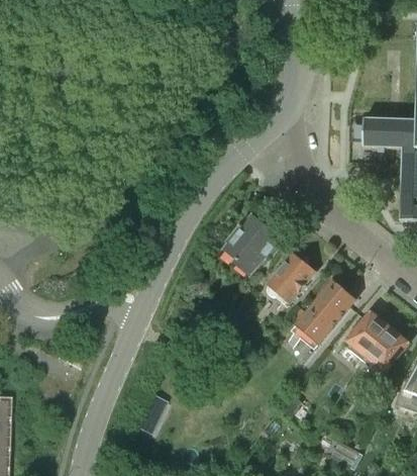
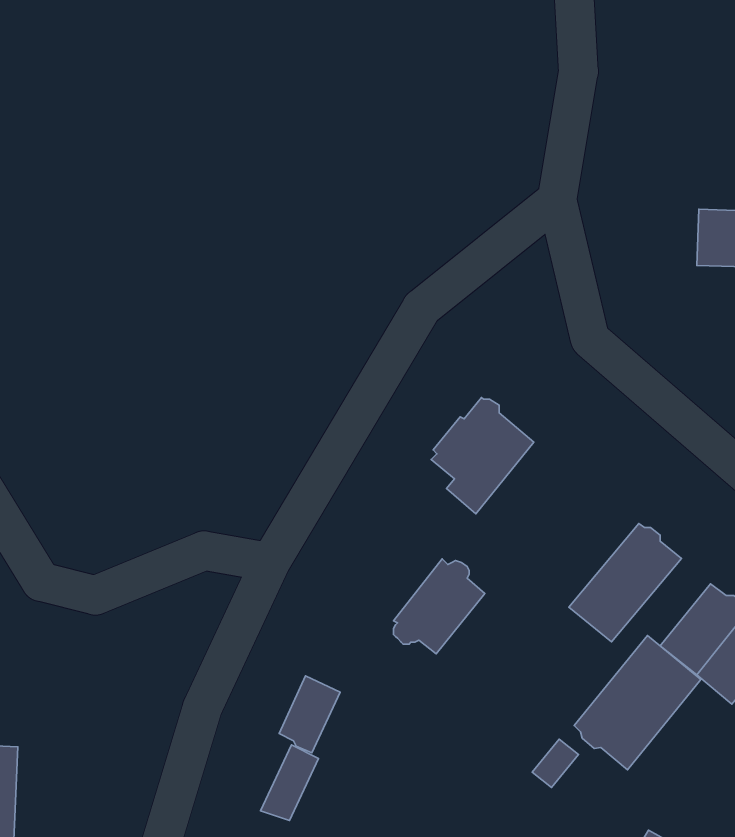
building: [269,253,316,302] -> [394,559,485,654]
building: none -> [574,635,701,770]
building: none -> [279,676,340,753]

